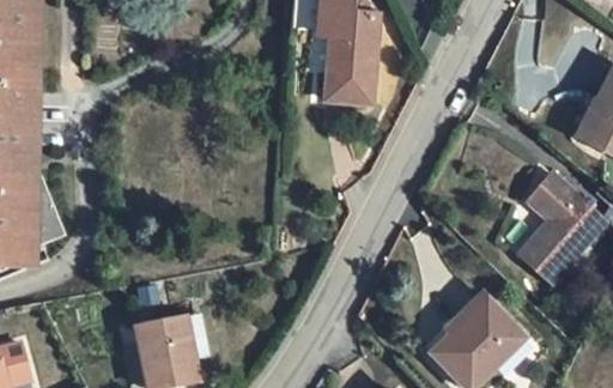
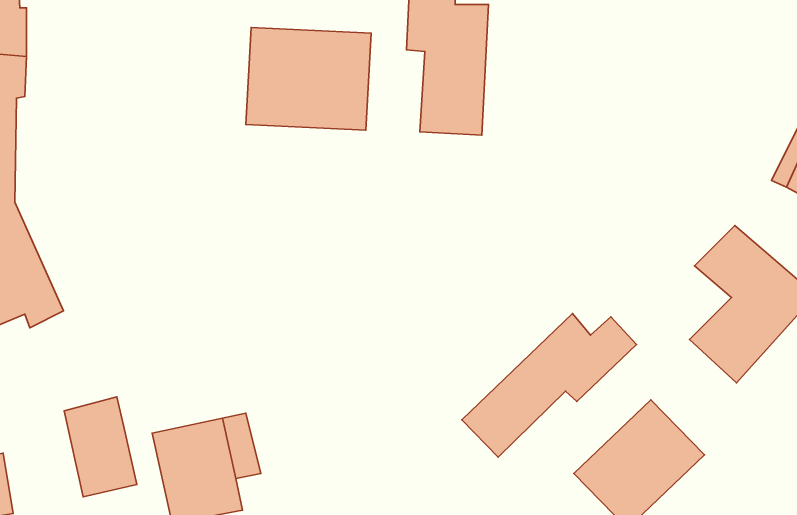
building: none -> [246,27,371,130]
building: none -> [462,314,637,457]
building: none -> [64,397,137,497]

